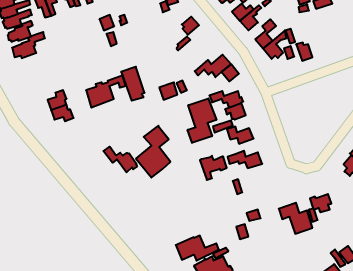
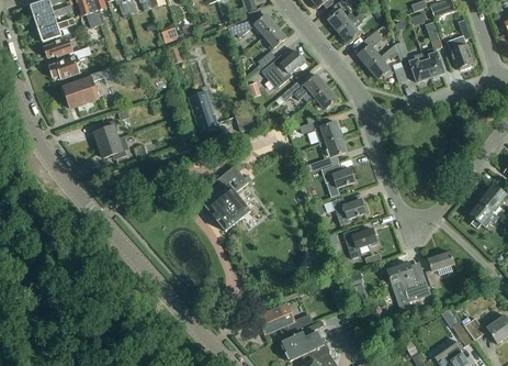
building: none -> [227,13,276,36]
building: none -> [424,32,444,77]
building: none -> [448,35,473,69]
building: none -> [262,49,305,87]
building: [86,75,126,108] -> [64,67,114,108]
building: [188,98,216,143] -> none
building: [103,147,137,172] -> none
building: [200,156,227,180] -> [343,226,377,257]

